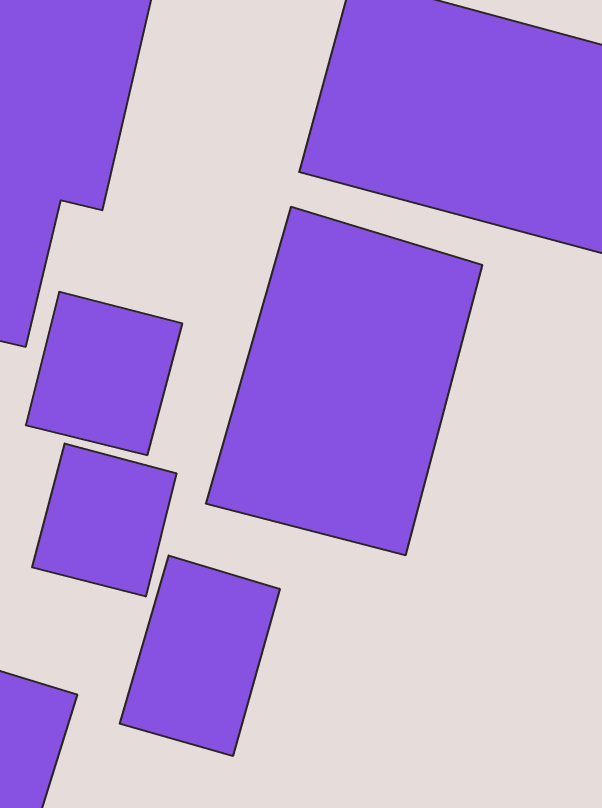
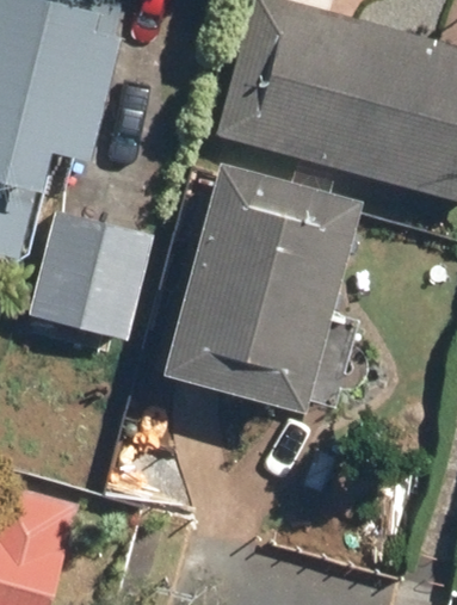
building: [32,443,176,597] -> none
building: [120,555,280,756] -> none

